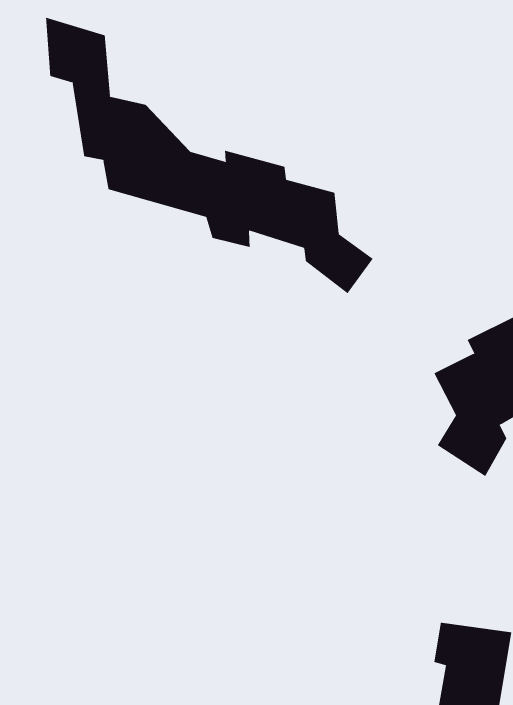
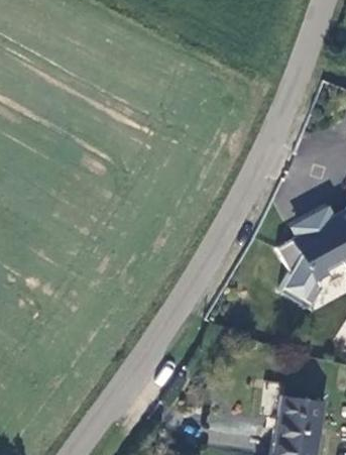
building: [45,17,374,294] -> none

